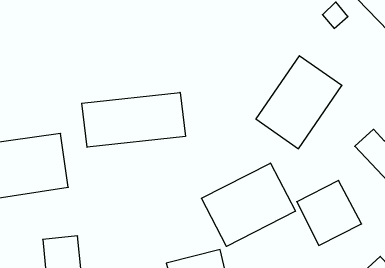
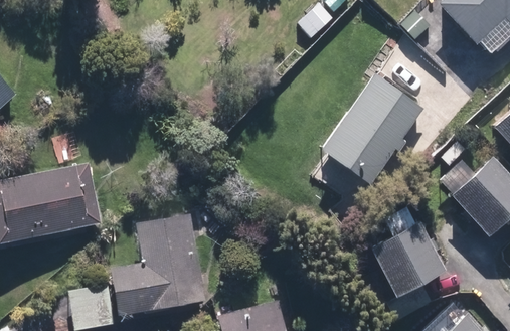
building: [82,92,185,147] -> none
building: [201,163,295,246] -> none
building: none -> [114,214,204,315]

